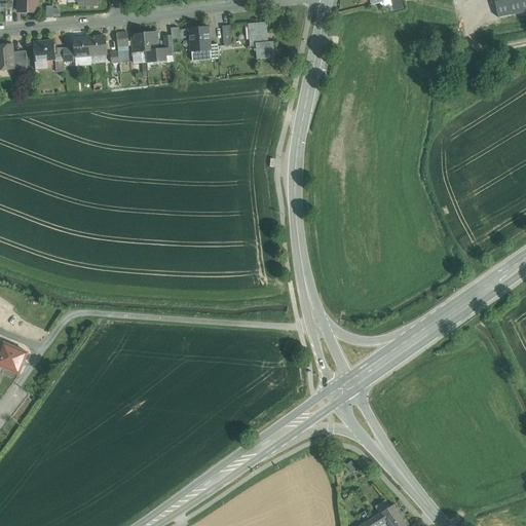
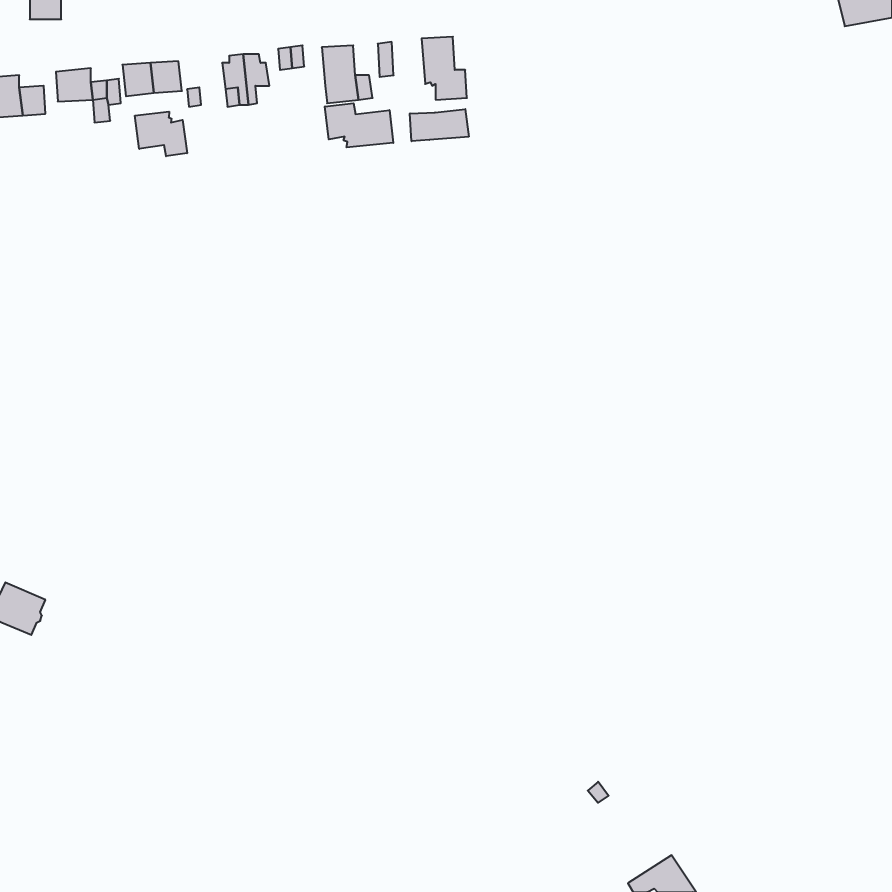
building: none -> [325,103,393,147]
building: none -> [410,109,469,141]
building: none -> [135,112,187,156]

